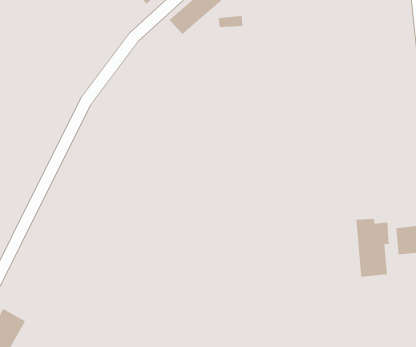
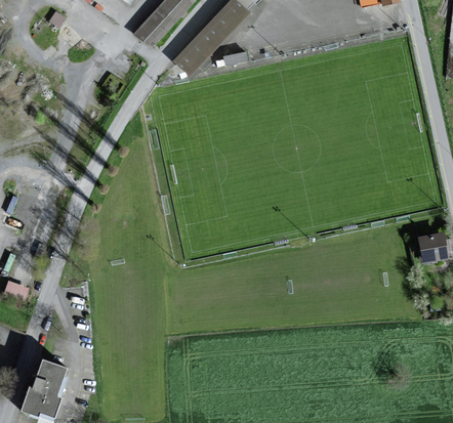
building: [356,218,389,278] -> none

